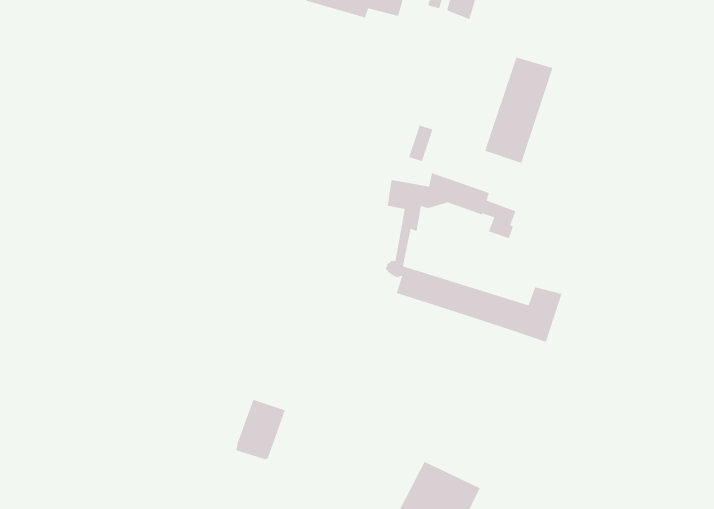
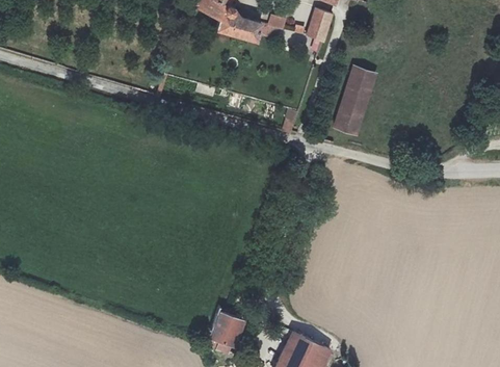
building: [385,172,562,343] -> none
building: [235,399,286,460] -> [210,311,243,351]

